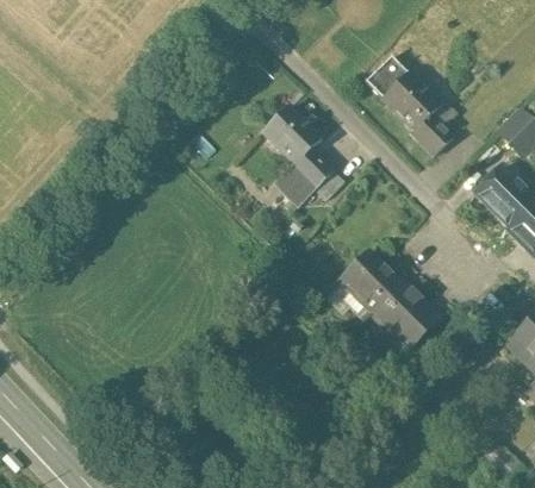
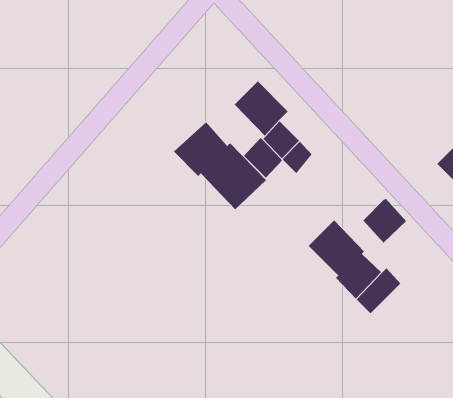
building: [365,55,452,155] -> none
building: none -> [173,122,267,210]
building: none -> [363,198,407,244]

